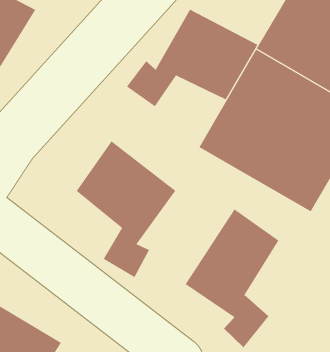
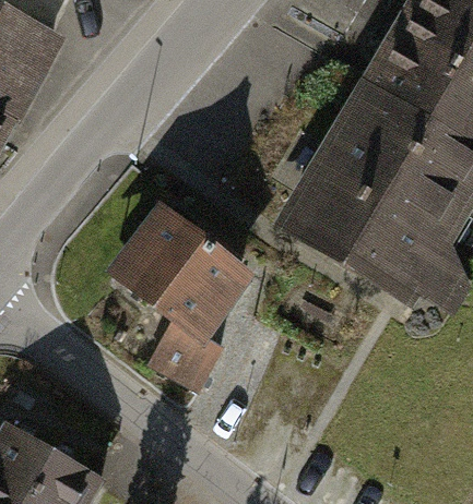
building: [126,9,258,107] -> none
building: [185,209,279,348] -> none

